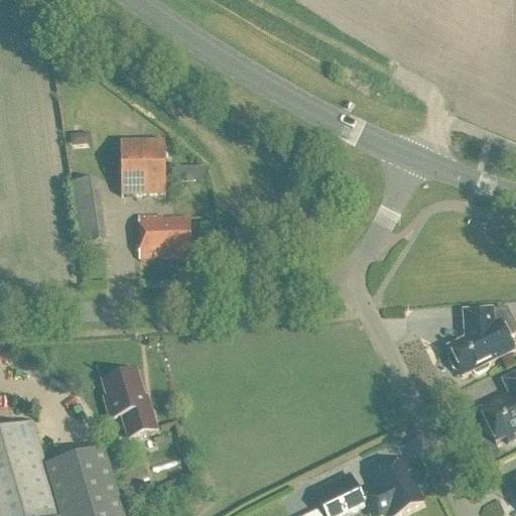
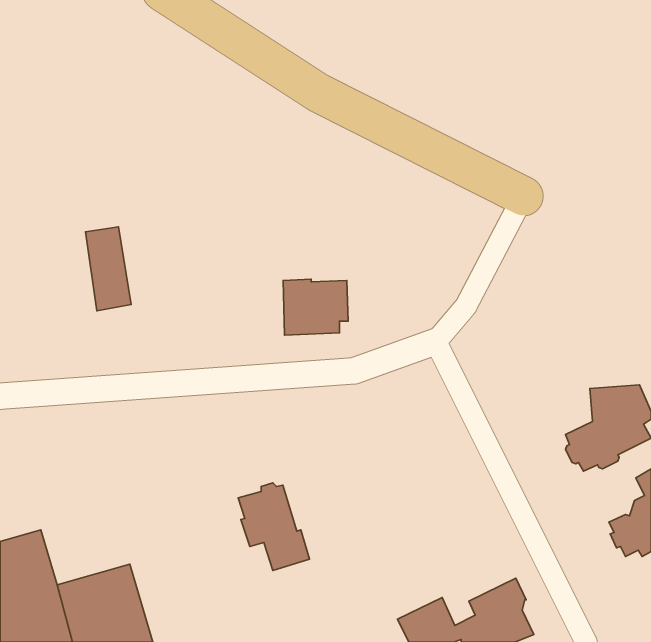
building: [118,141,162,198] -> none
building: [138,213,189,257] -> [283,279,348,335]
building: [101,367,157,436] -> [238,483,310,571]

